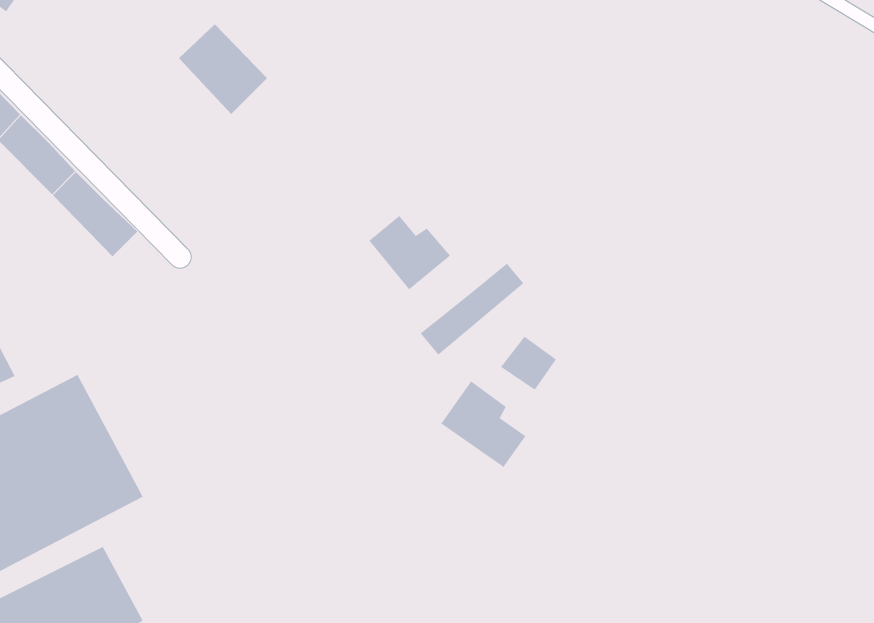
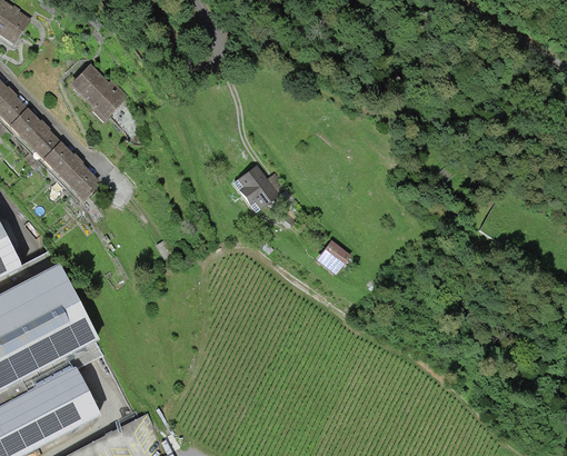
building: [178,23,268,115] -> [70,61,125,117]
building: [420,263,524,356] -> none
building: [441,380,526,468] -> none

